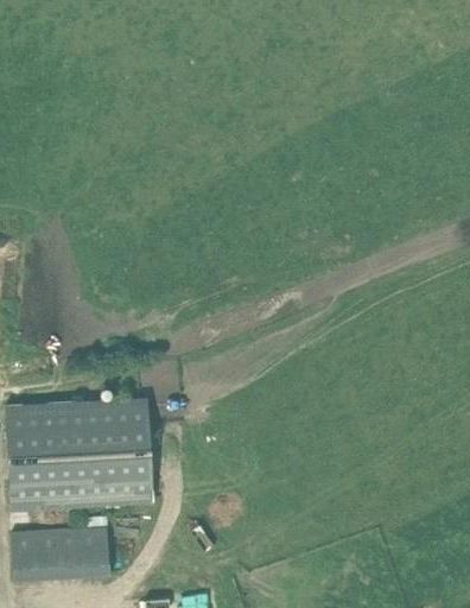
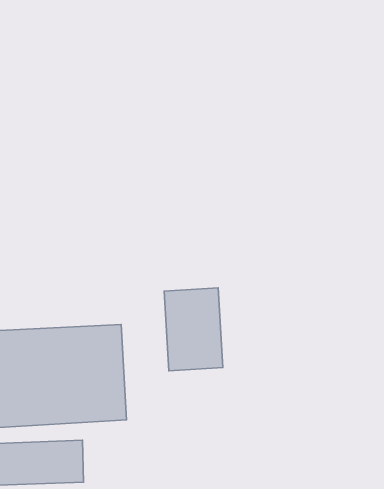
building: none -> [164,288,223,371]

